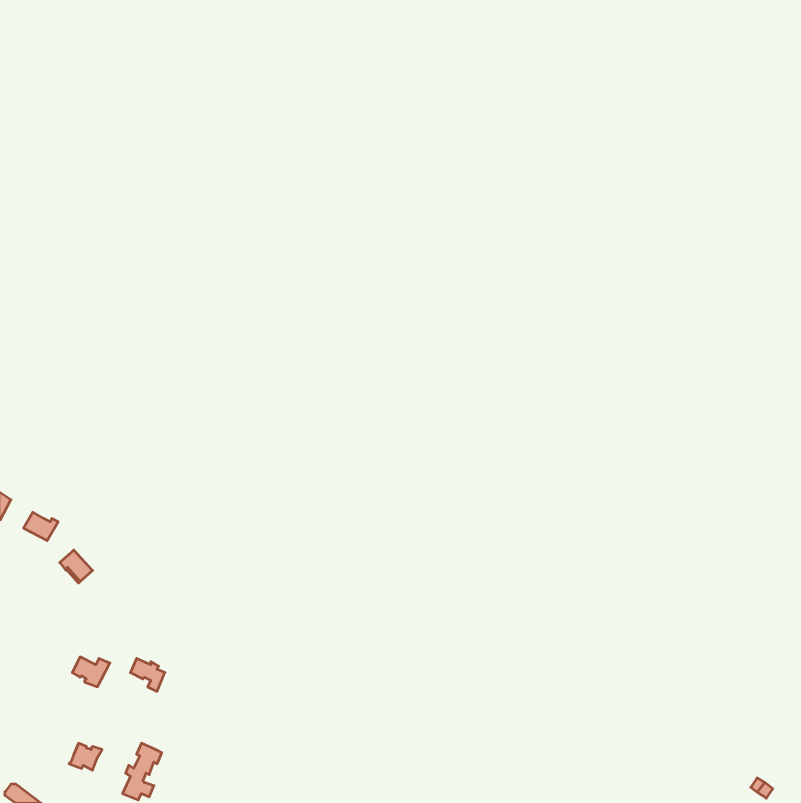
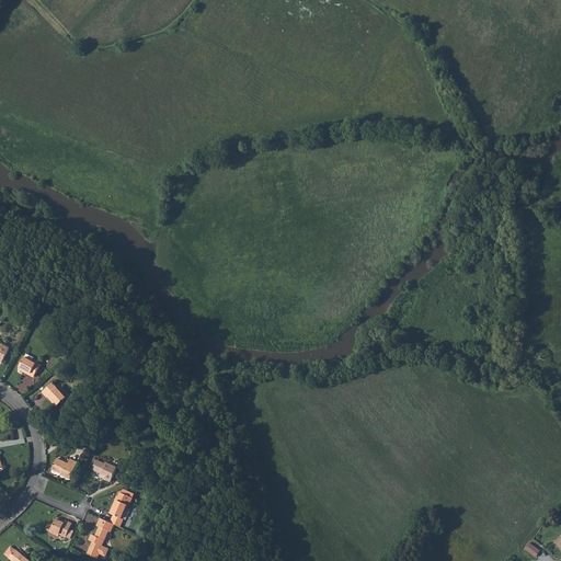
building: none -> [108,489,133,527]

